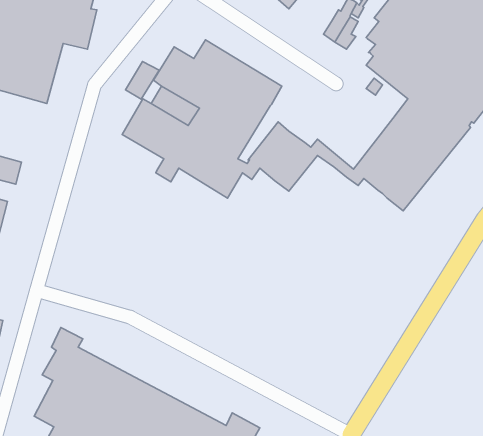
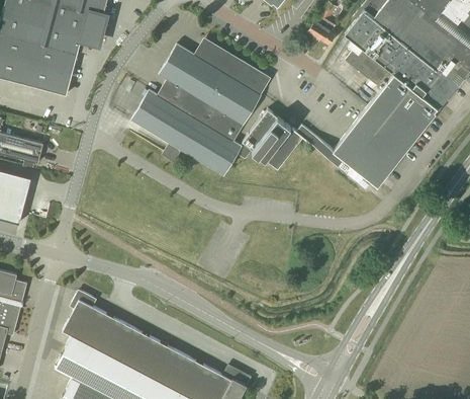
building: [125,61,159,99] -> none

